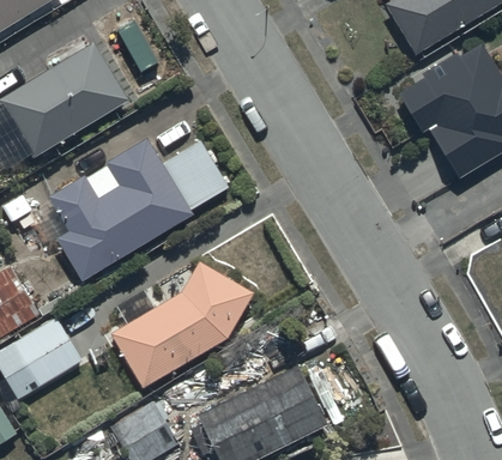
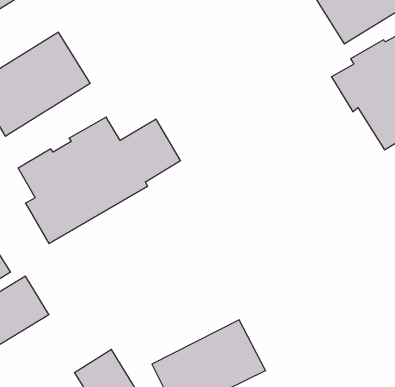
building: [111,261,253,388] -> none

